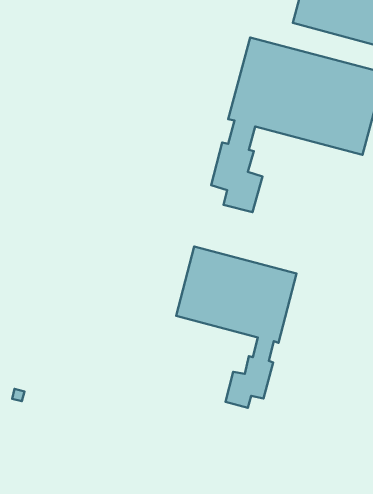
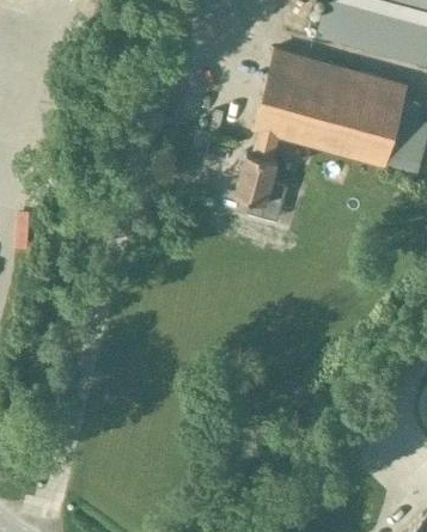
building: [176,247,296,408] -> none

